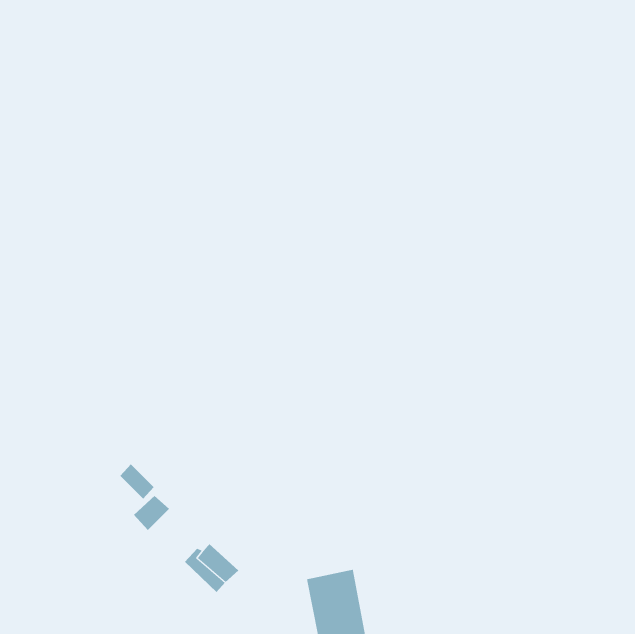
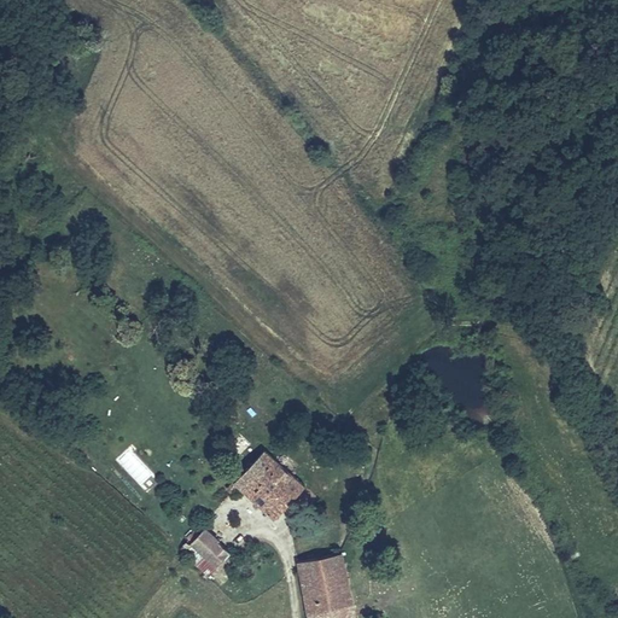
building: none -> [226,449,305,523]
building: [133,495,170,531] -> none

